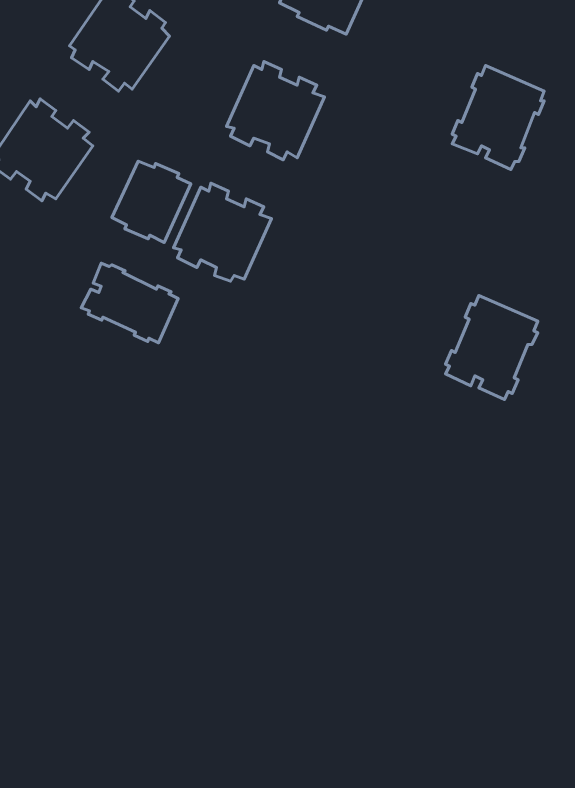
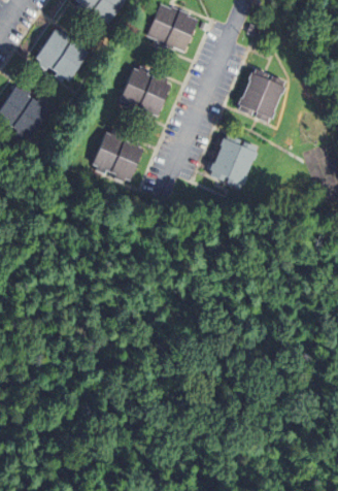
building: [112,161,191,243] -> none
building: [81,263,178,343] -> none
building: [445,296,538,399] -> [209,133,258,188]

